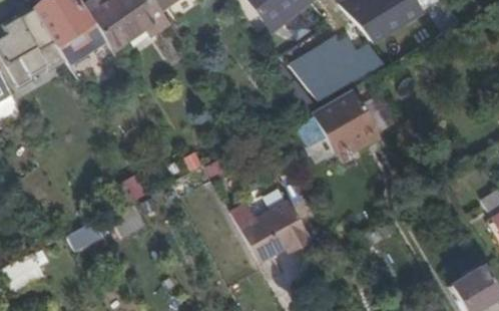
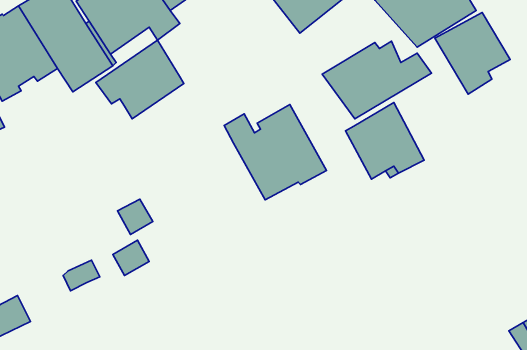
building: none -> [435,12,510,94]
building: none -> [96,40,184,119]
building: [221,181,309,262] -> [224,104,326,200]

